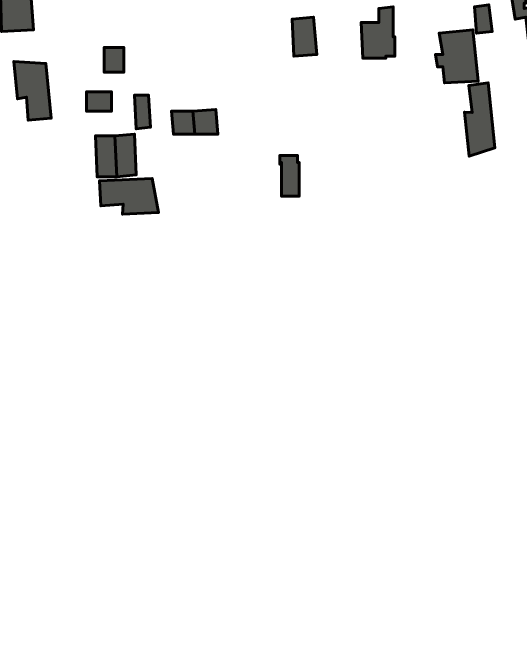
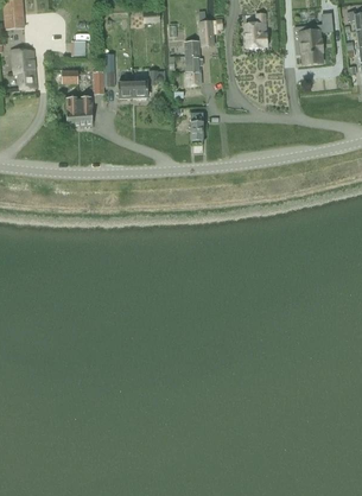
building: none -> [184,39,202,84]
building: [464,83,495,156] -> none
building: [99,178,158,214] -> none

